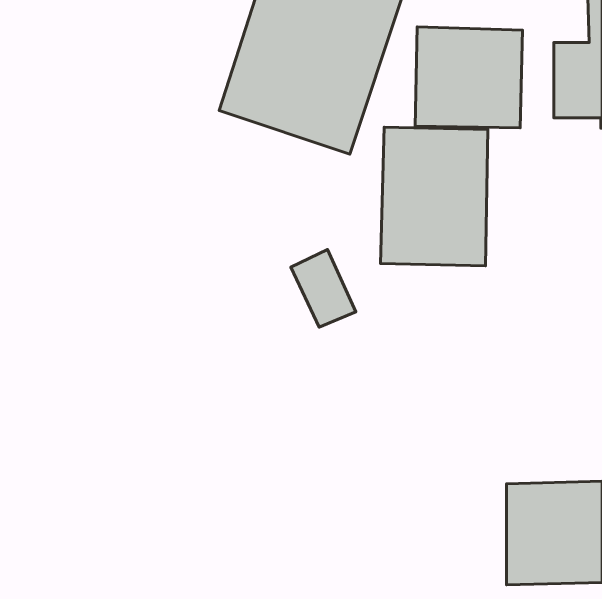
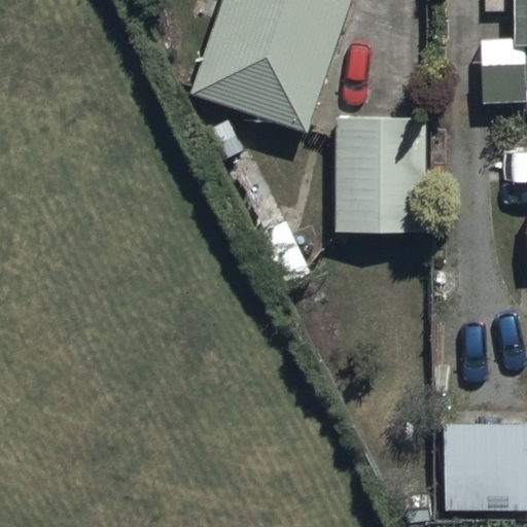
building: [415,27,522,128] -> none

